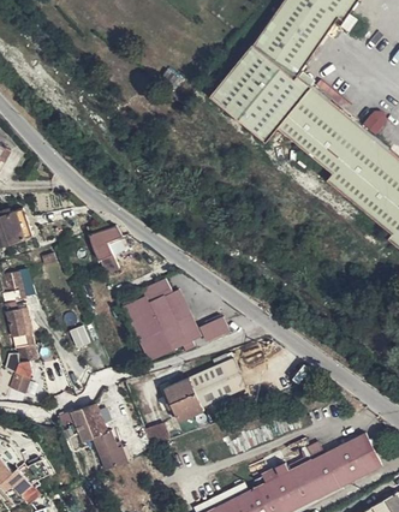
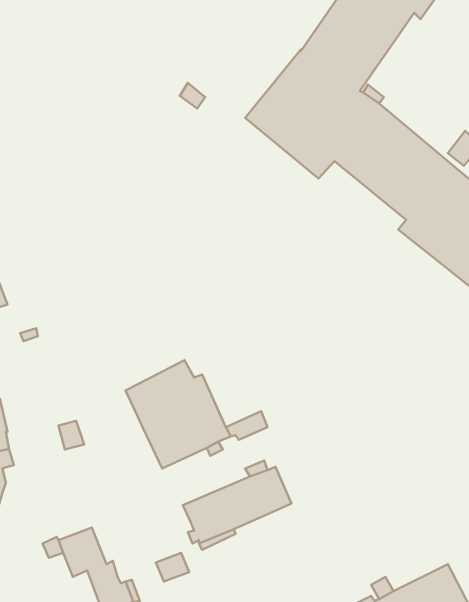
building: [88,226,120,273] -> none

